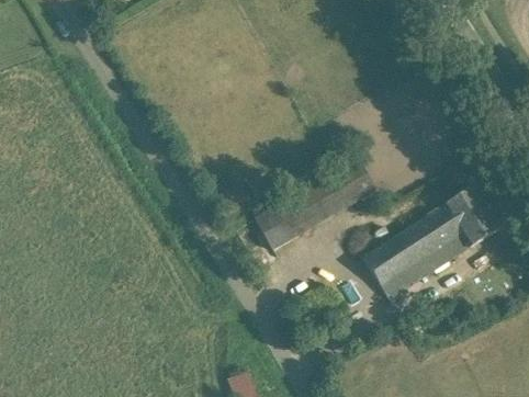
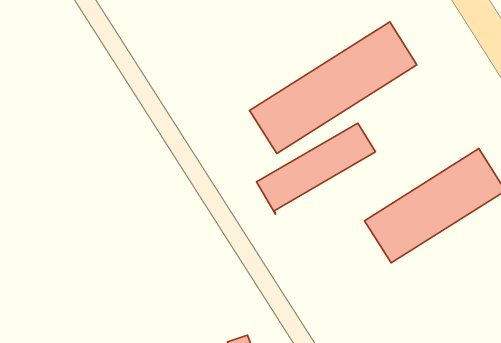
building: none -> [250,22,417,153]

